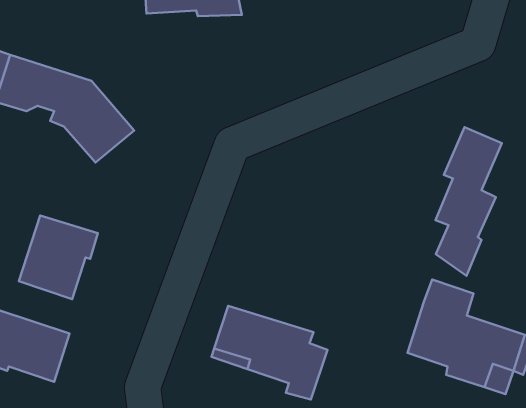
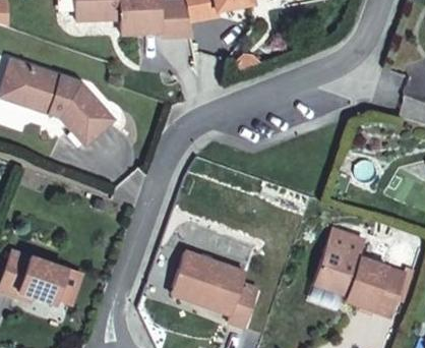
building: [436,127,502,276] -> none
building: [19,215,98,299] -> none

